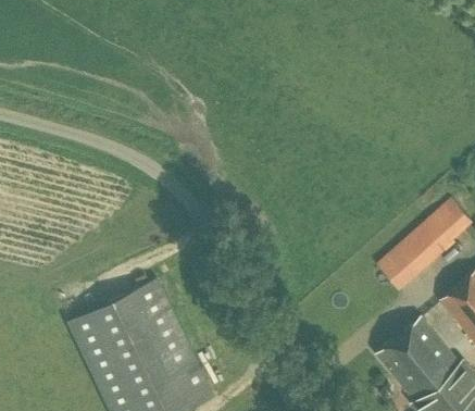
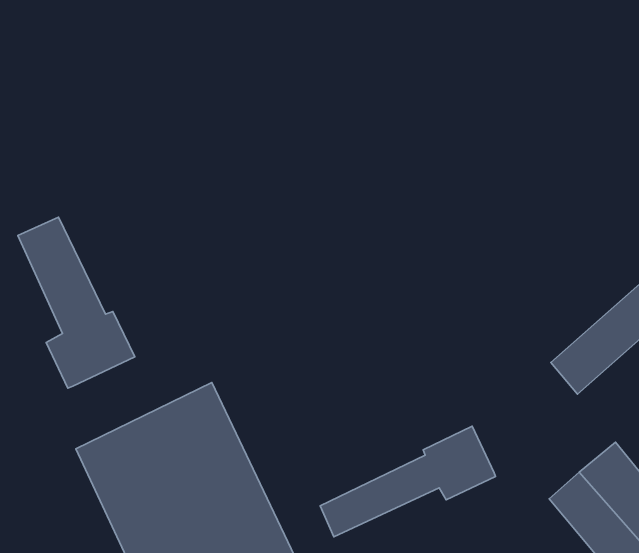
building: none -> [18,217,135,388]
building: none -> [320,426,495,537]

